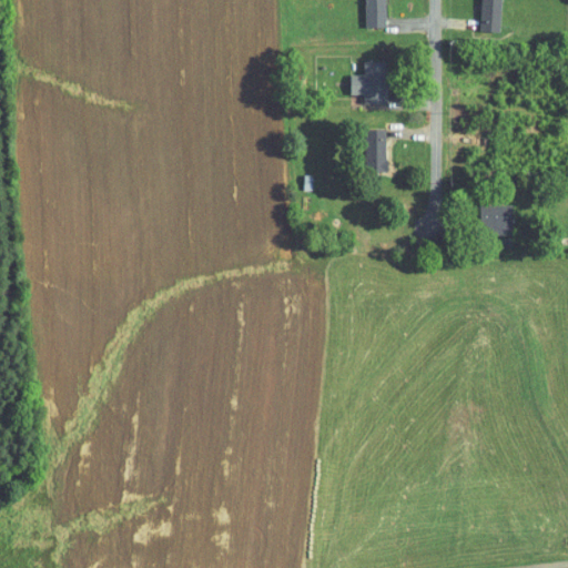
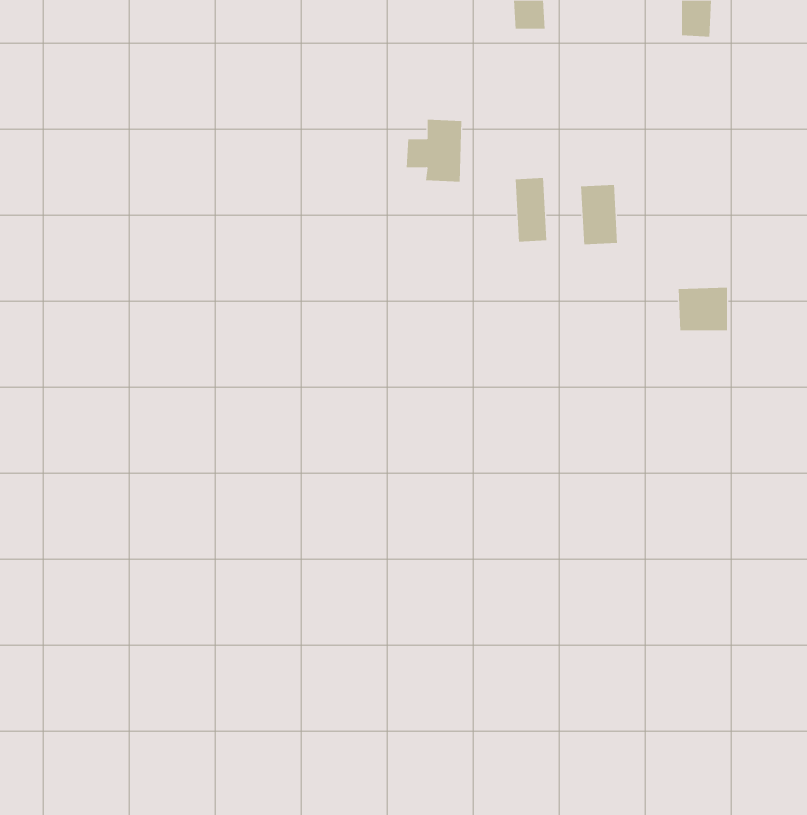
building: [349,61,388,104] -> [406,119,462,182]
building: none -> [581,184,618,245]

